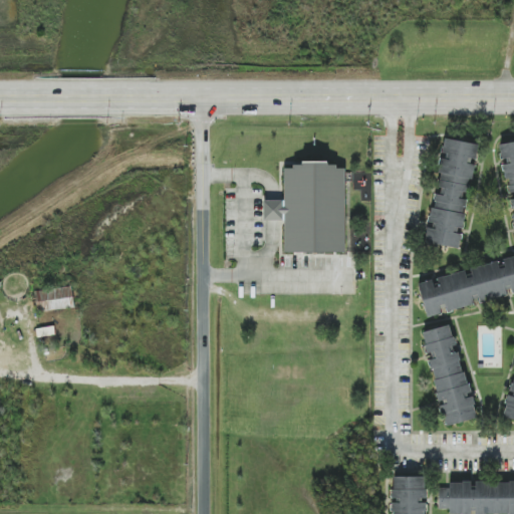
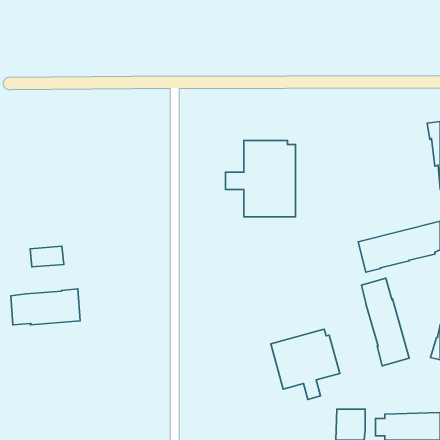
building: [427,140,478,248] -> none
building: none -> [11,289,80,325]
building: none -> [271,329,340,399]

